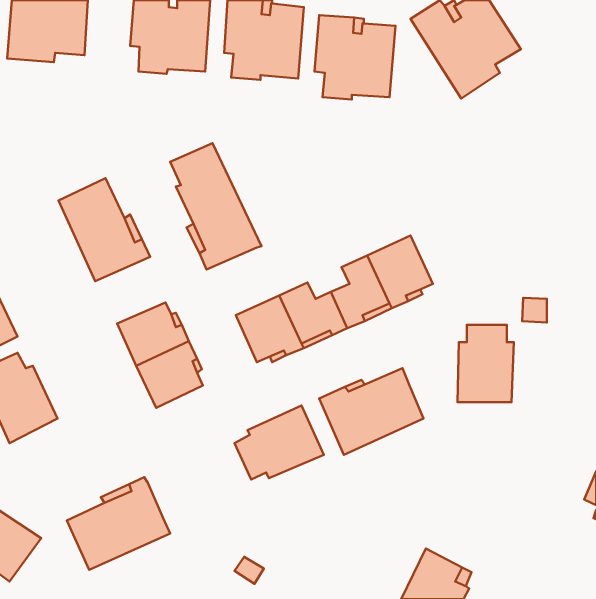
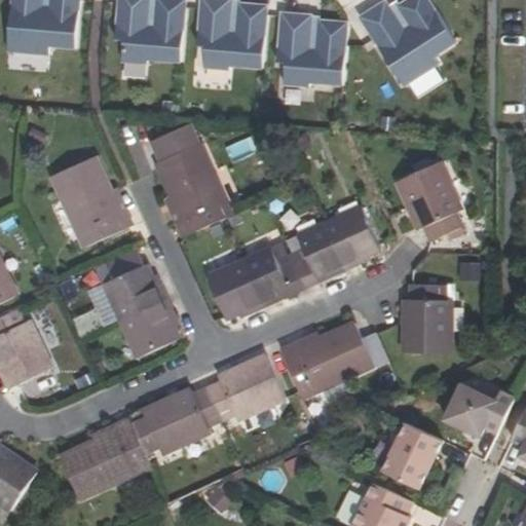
building: none -> [394,163,460,241]
building: none -> [446,382,514,433]
building: none -> [129,388,220,454]
building: none -> [382,422,441,486]

